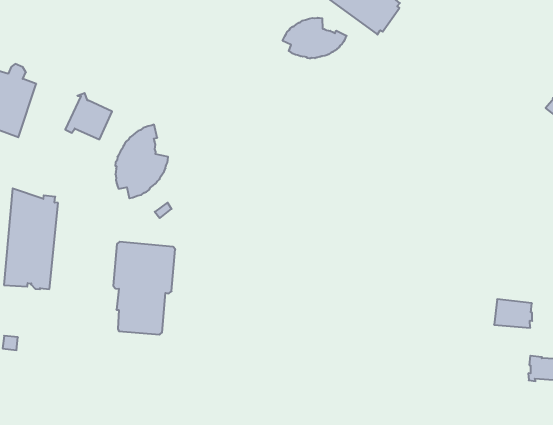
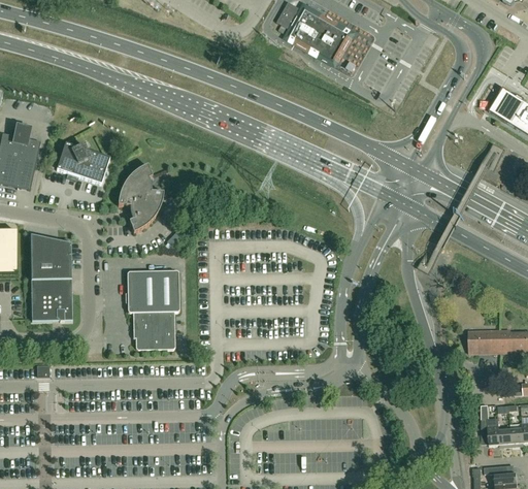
building: [283,18,347,59] -> none
building: none -> [57,143,80,178]
building: [494,299,532,328] -> [469,330,502,353]

